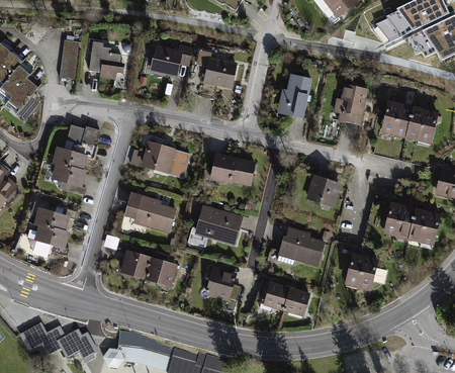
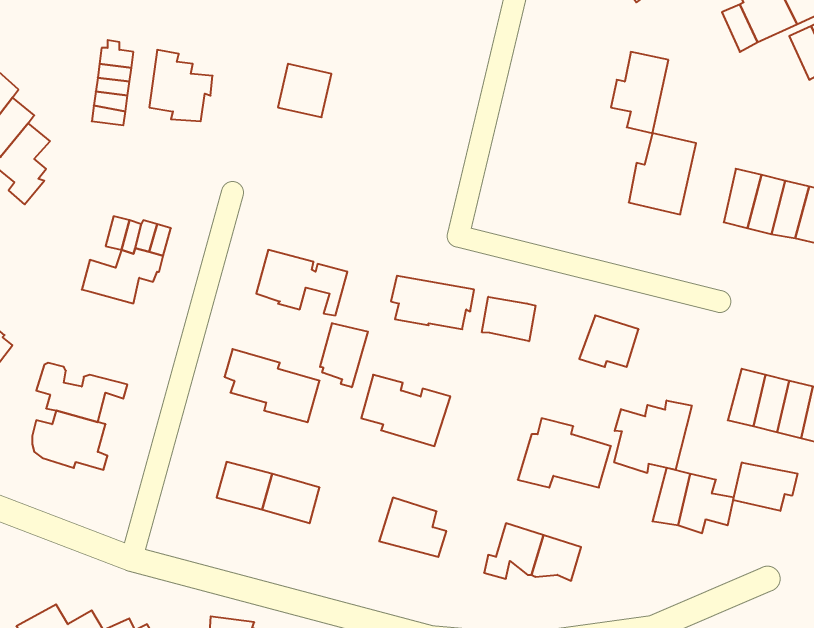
building: [204,60,236,87] -> none
building: [280,76,309,117] -> [611,52,668,133]
building: [53,165,84,195] -> none
building: none -> [482,297,536,341]
building: none -> [320,323,368,387]
building: none -> [614,400,692,473]
building: none -> [733,462,798,511]

